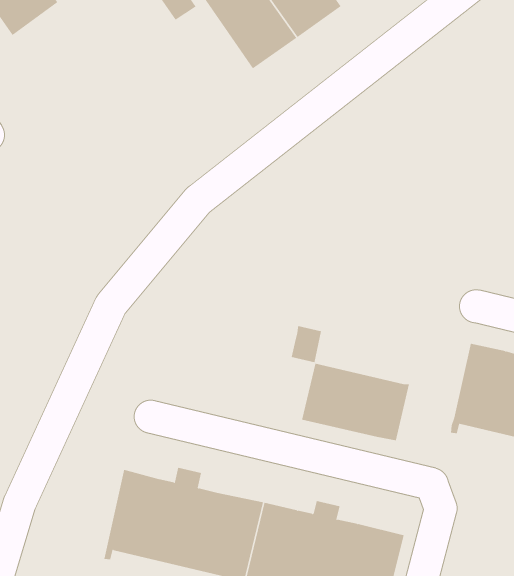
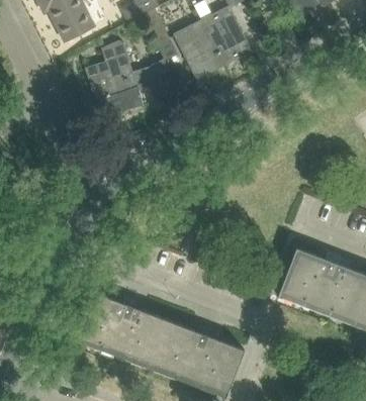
building: none -> [84,41,168,117]
building: [302,363,410,441] -> none

